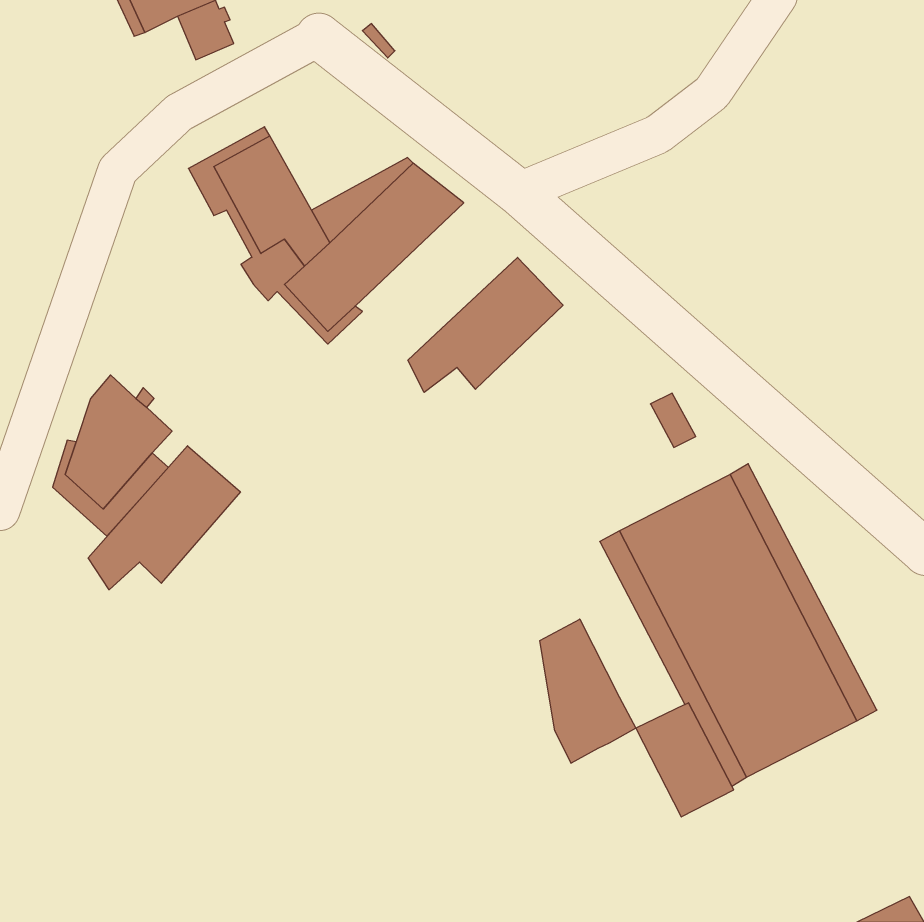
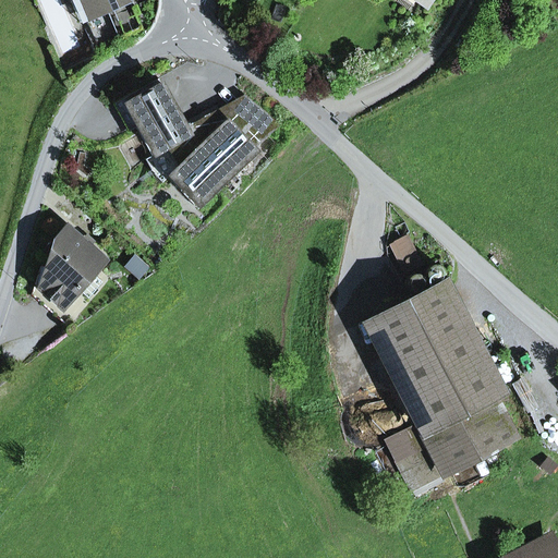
building: [408,257,563,392] -> none
building: [88,446,240,590] -> none
building: [540,619,636,763] -> none

